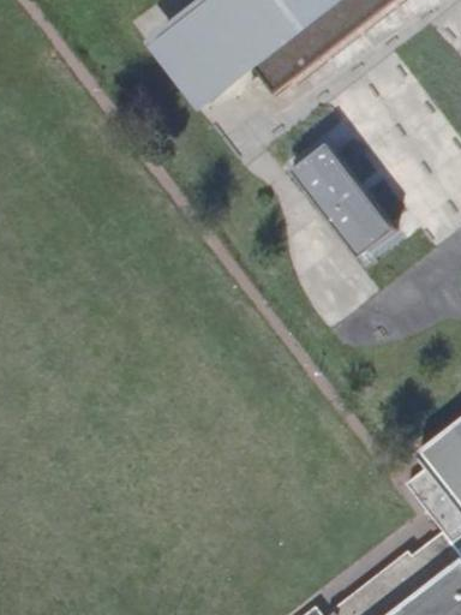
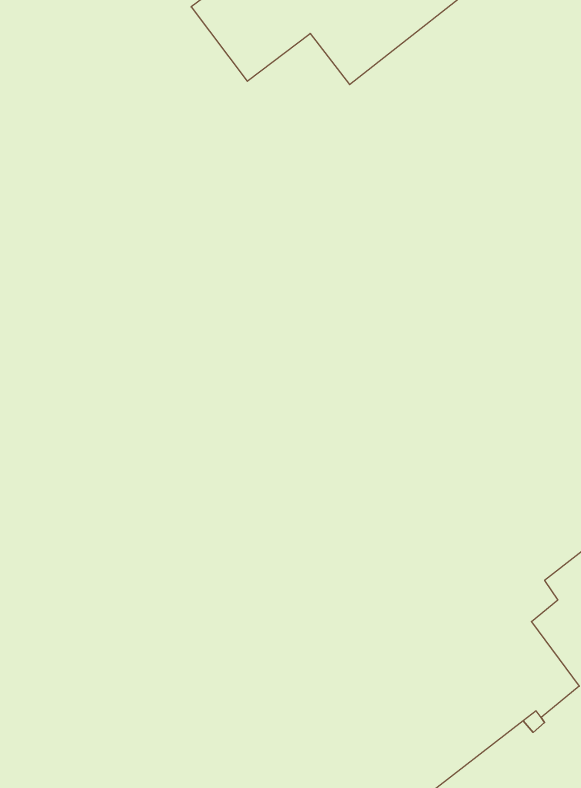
building: [289,143,391,258] -> none

